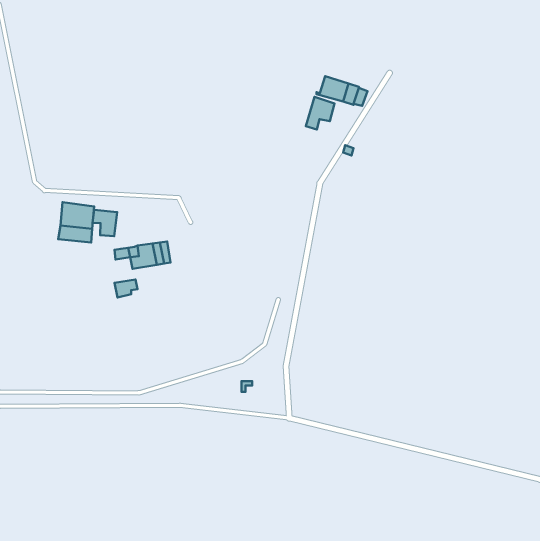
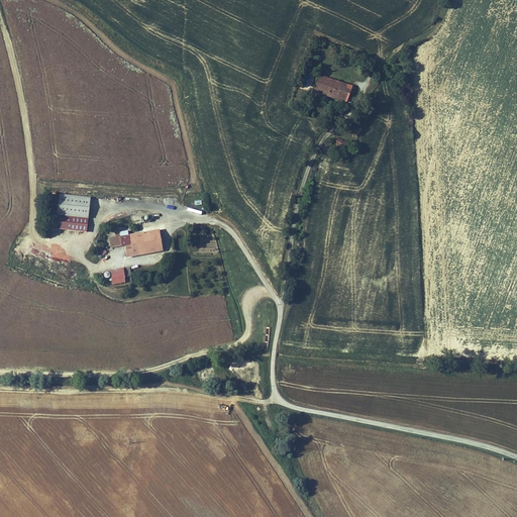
building: [306,97,335,129] -> none
building: [93,210,117,236] -> none

